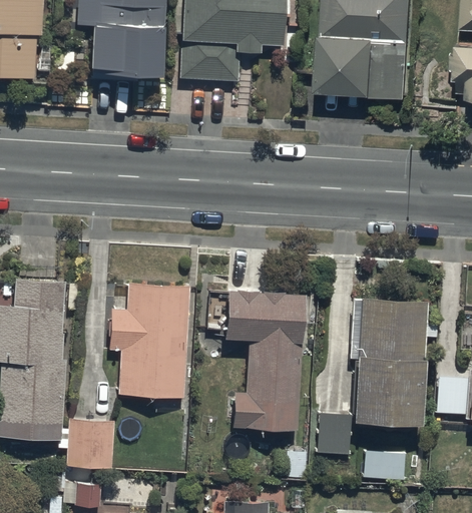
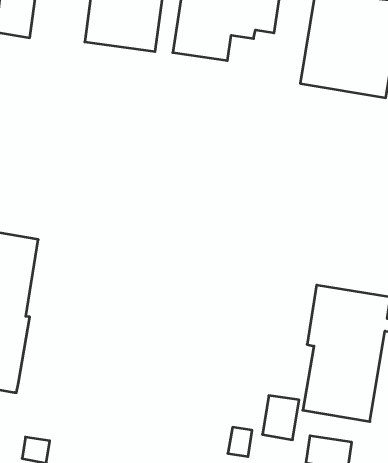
building: [108,283,188,397] -> none
building: [225,291,307,430] -> none
building: [59,421,115,469] -> none

